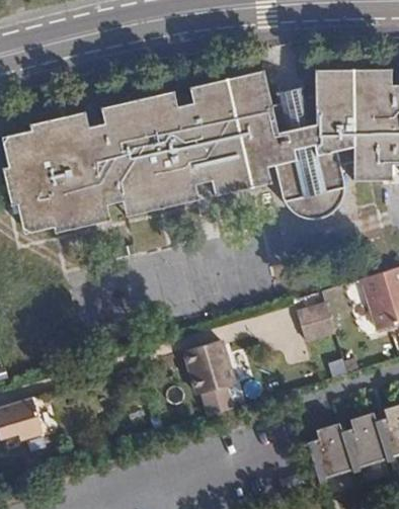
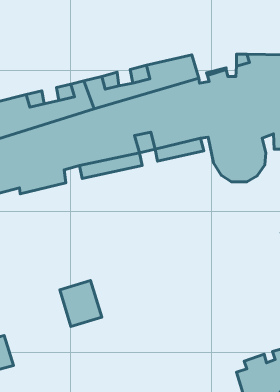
building: [299,306,334,343] -> none
building: [185,344,235,399] -> [60,280,102,327]

